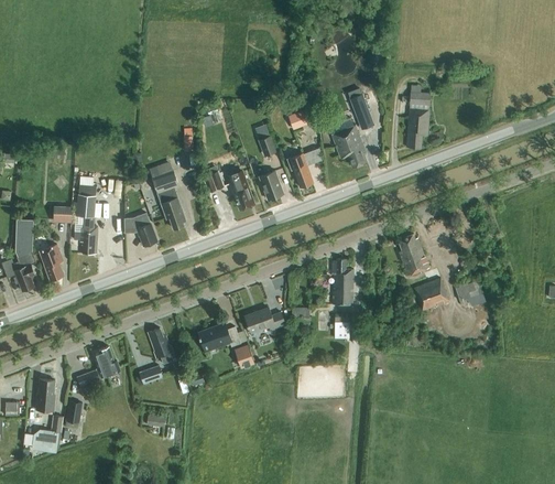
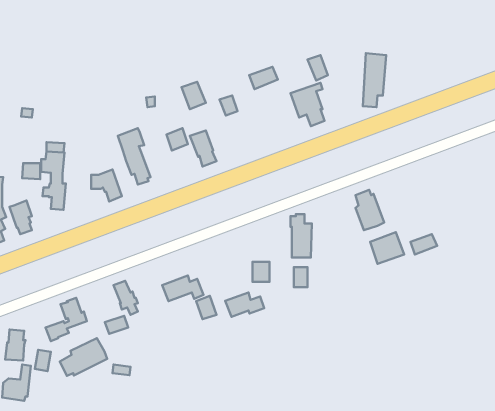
building: [286,152,313,186] -> none
building: [259,171,284,200] -> [181,82,206,109]
building: [244,308,285,333] -> [225,292,264,317]
building: none -> [60,338,107,376]

